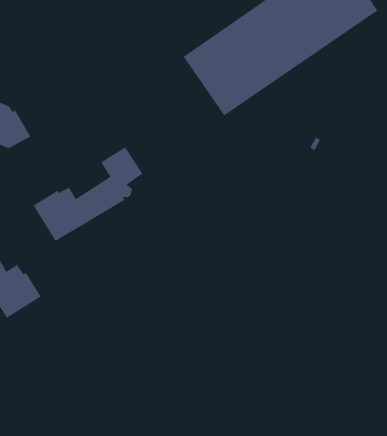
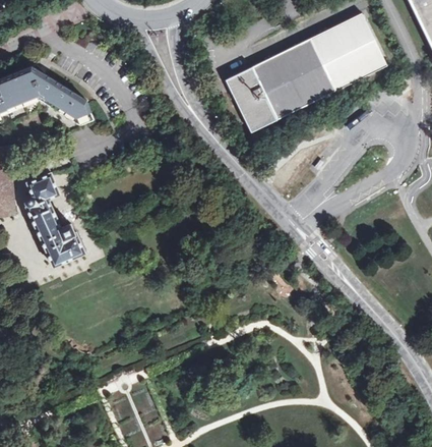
building: [33,147,143,242] -> none

